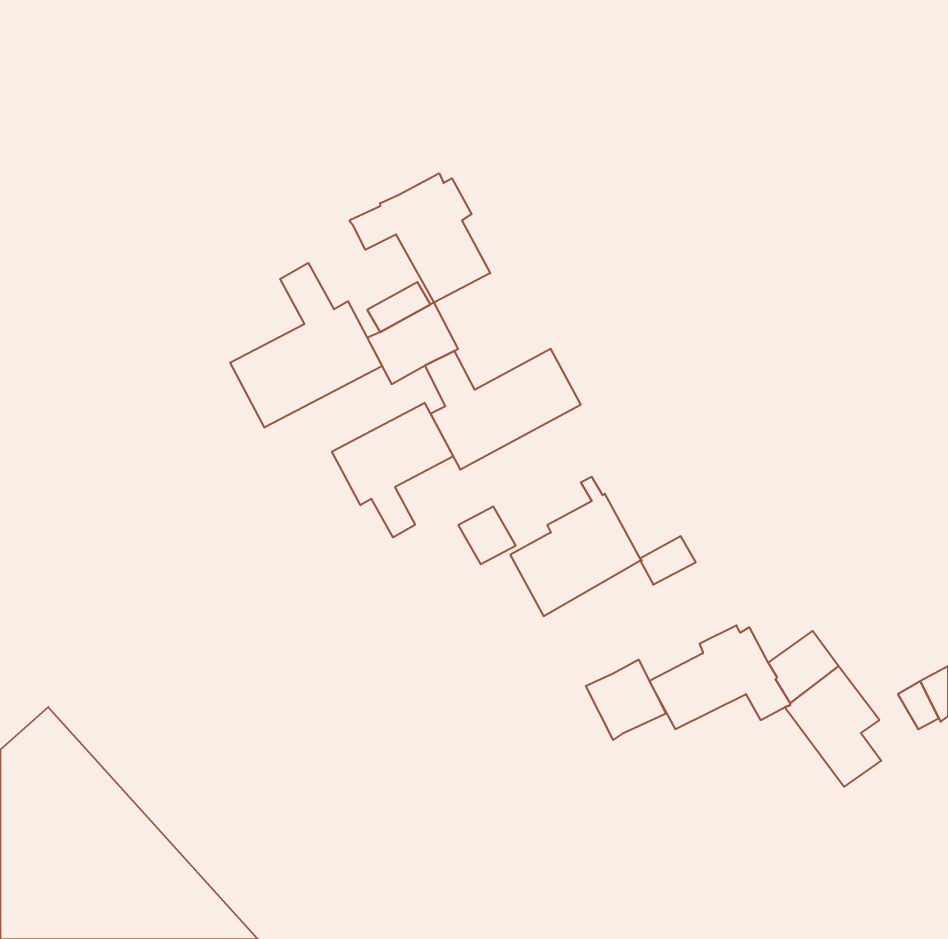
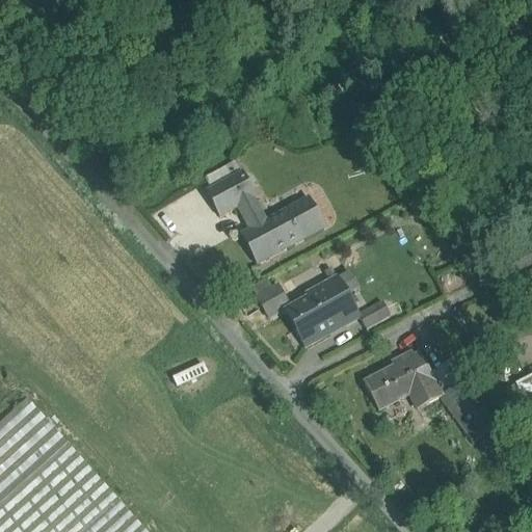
building: [349,173,490,302] -> none
building: [230,263,382,428] -> none
building: [332,403,453,537] -> none
building: [586,660,666,740] -> none

